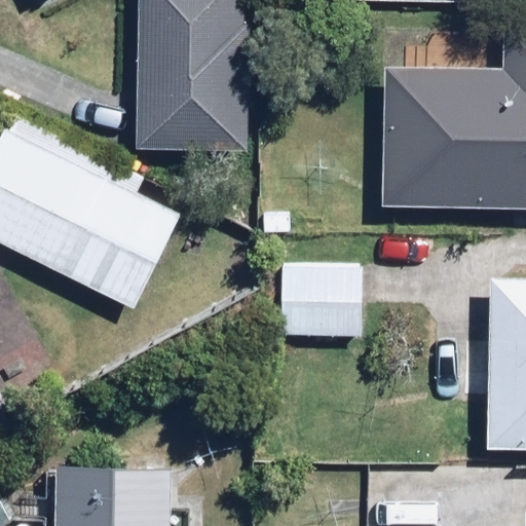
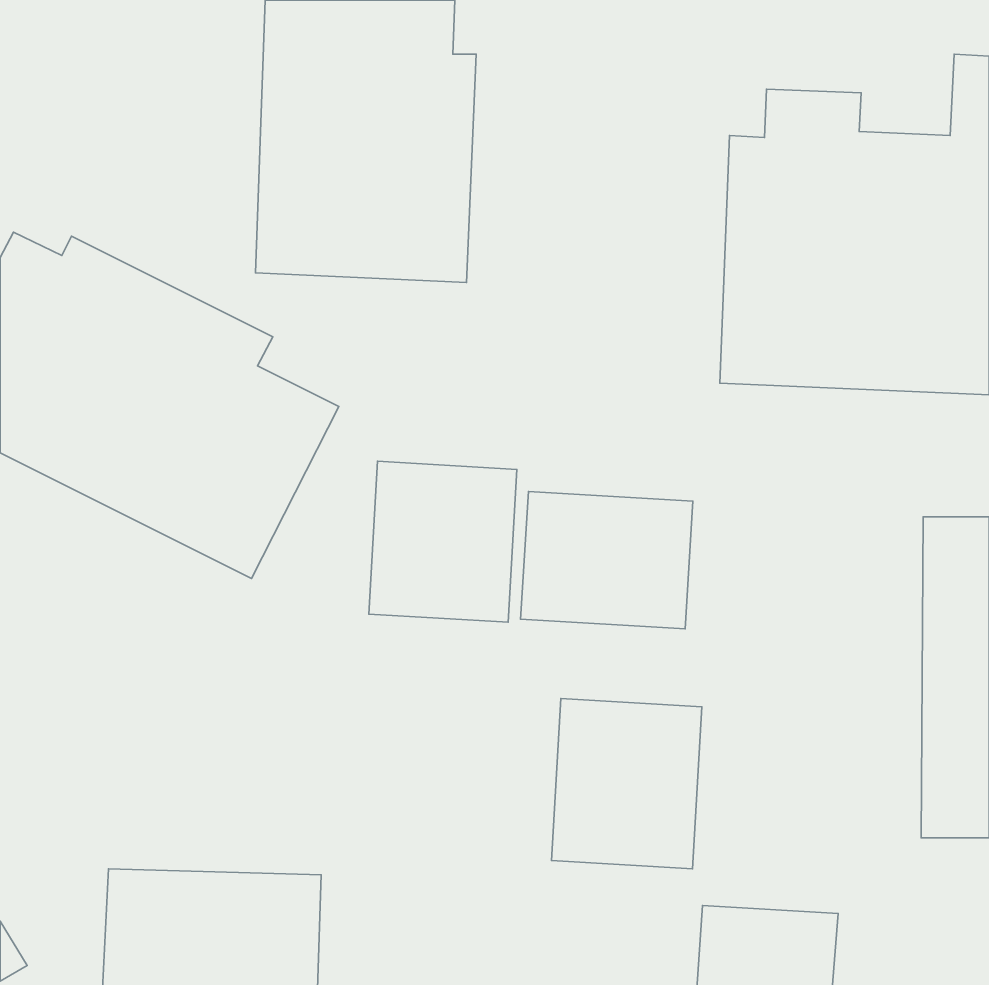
building: none -> [369,461,517,622]
building: none -> [551,699,702,869]

